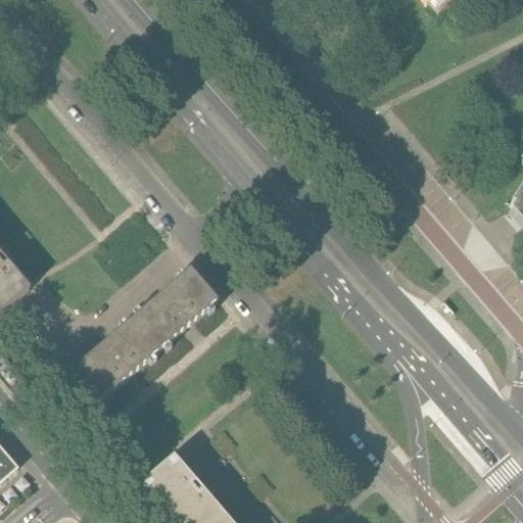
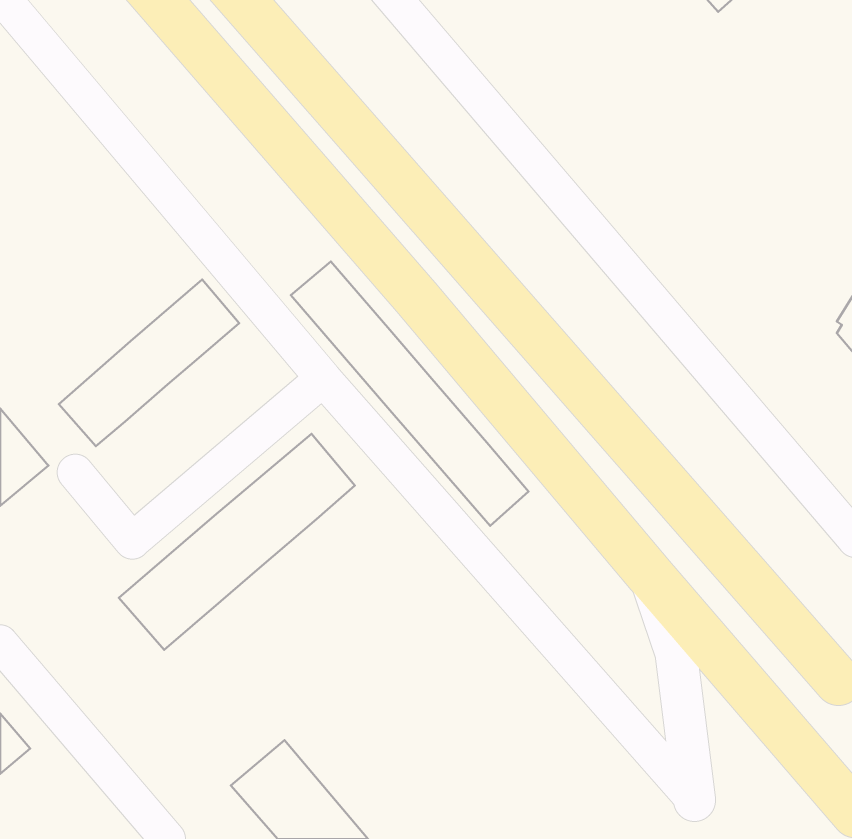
building: none -> [291,262,529,526]
building: none -> [59,280,239,446]

